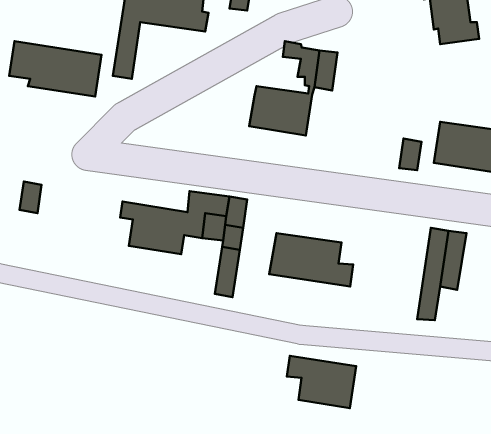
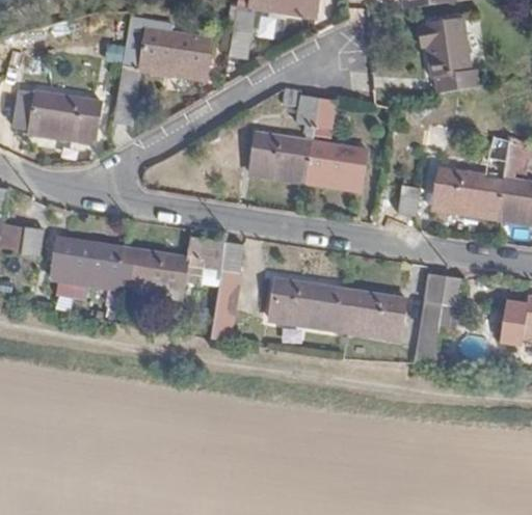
building: none -> [304,141,367,190]
building: none -> [50,238,133,291]
building: [287,356,356,408] -> [337,288,405,340]

